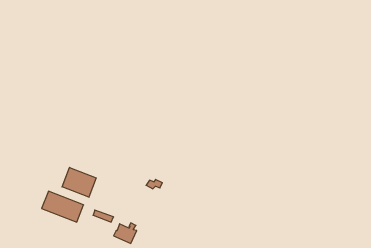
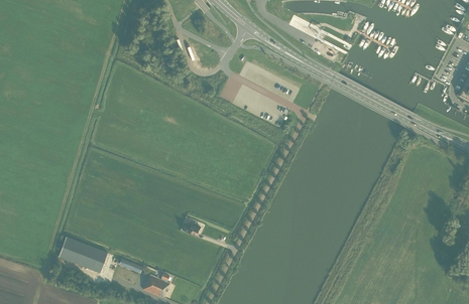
building: [62,167,96,197] -> none

